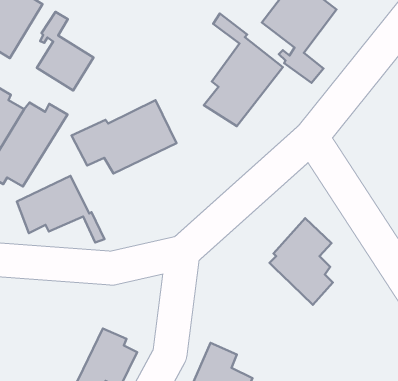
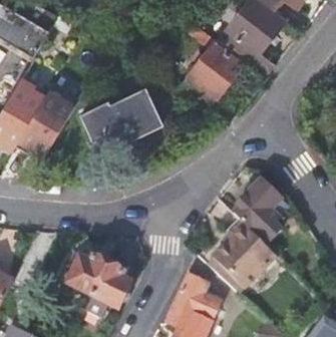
building: [37,12,93,90] -> none
building: [17,176,104,243] -> none
building: none -> [214,223,277,289]
building: none -> [58,253,105,295]

